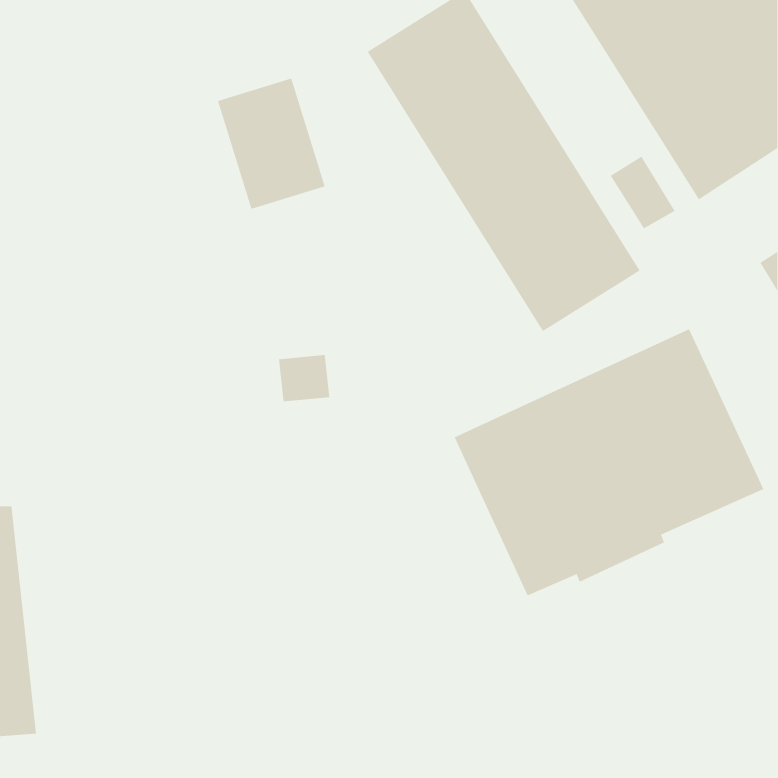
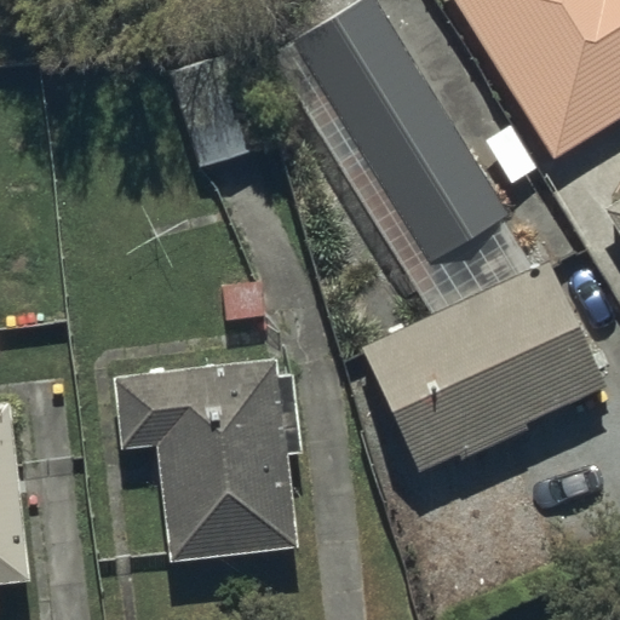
building: none -> [111,358,302,562]

